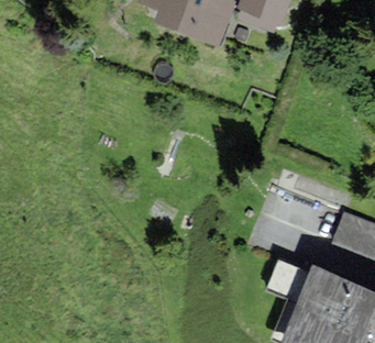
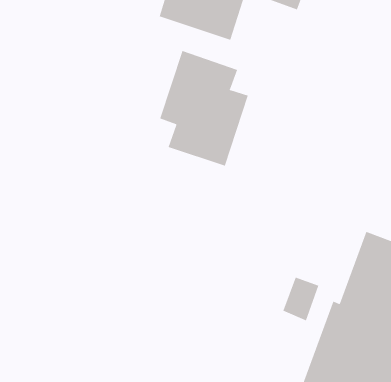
building: none -> [159,50,249,167]

